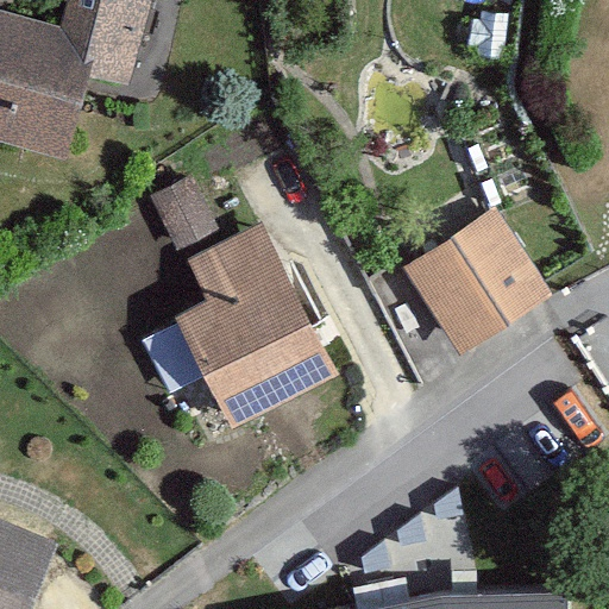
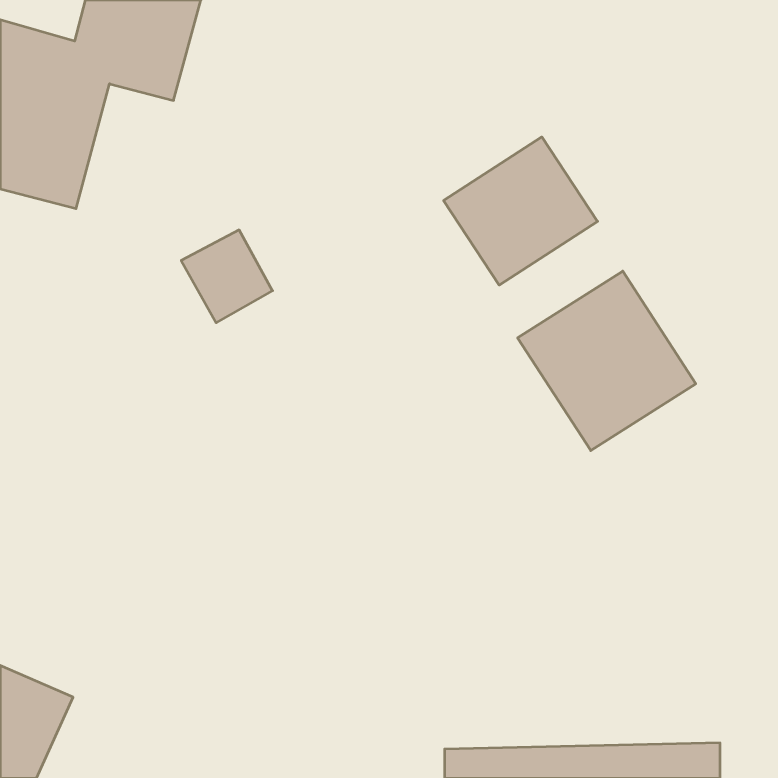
building: none -> [444,137,598,285]
building: [171,227,335,429] -> none

